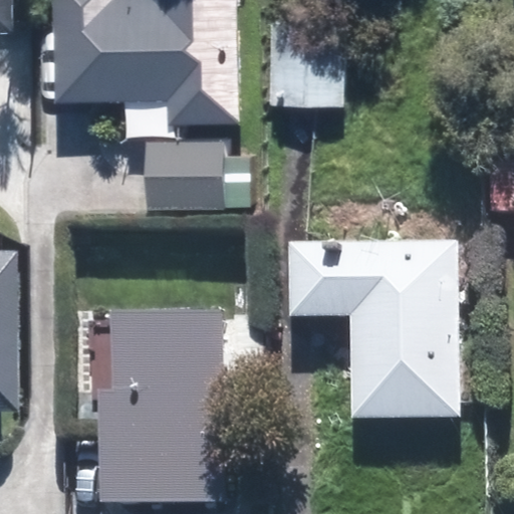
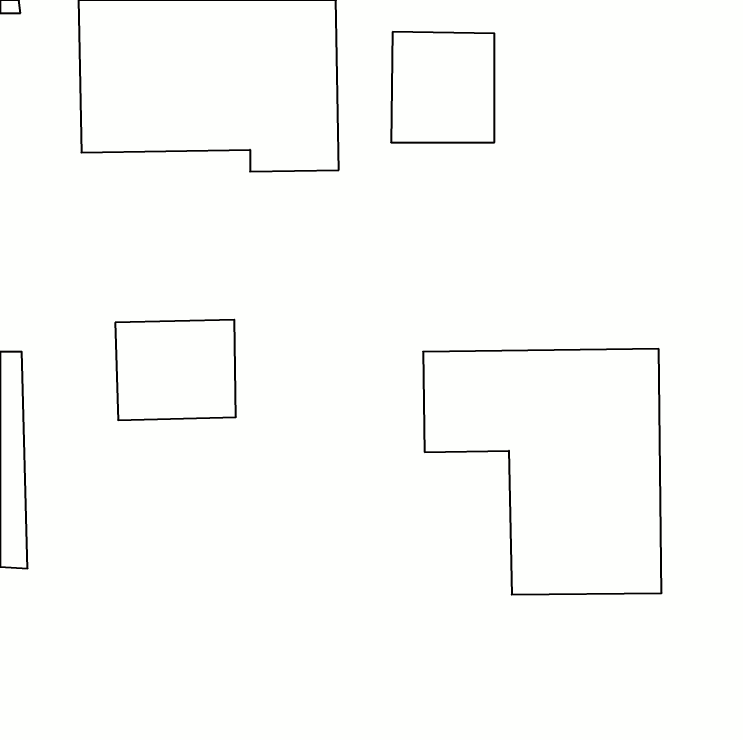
building: [142,141,225,210] -> [115,320,236,420]
building: [105,314,215,501] -> none

